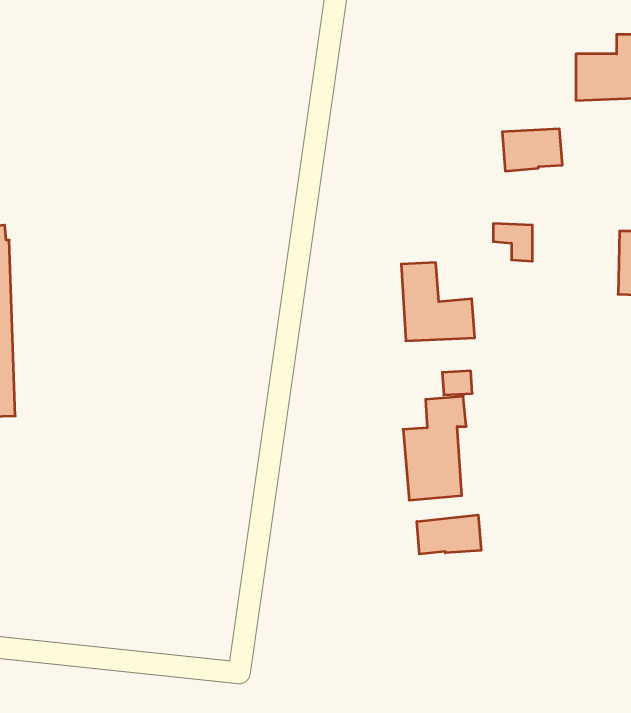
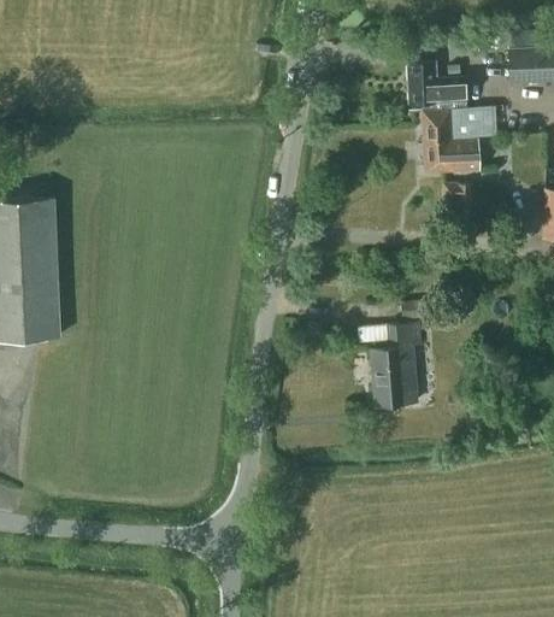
building: none -> [407,63,466,105]
building: [401,263,475,341] -> [422,111,481,174]
building: [417,515,481,554] -> none

